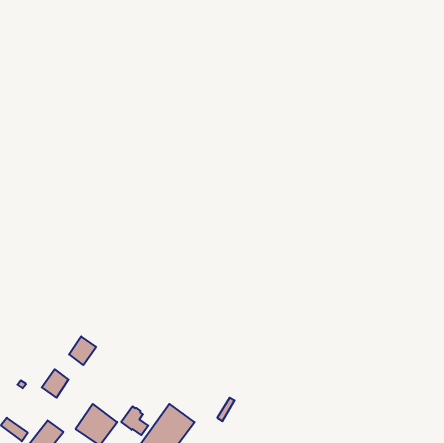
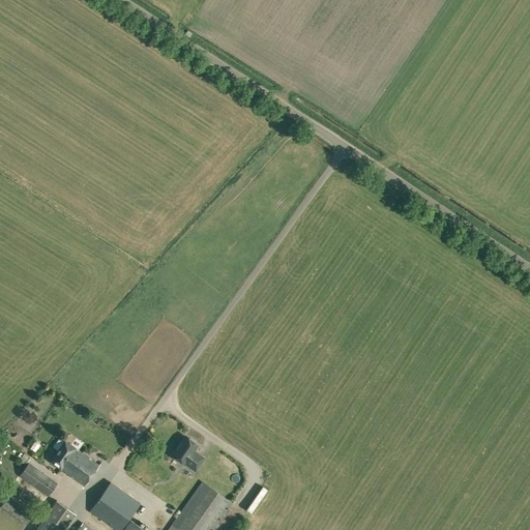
building: [69,336,96,365] -> [67,453,99,488]
building: none -> [19,464,57,497]
building: [121,406,148,435] -> [172,437,204,471]

